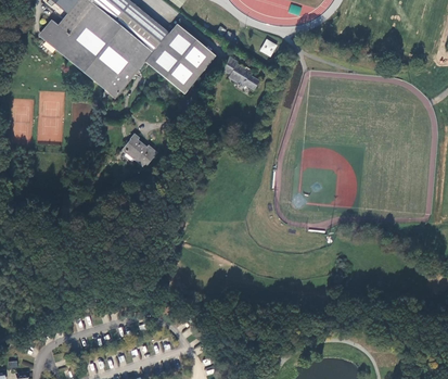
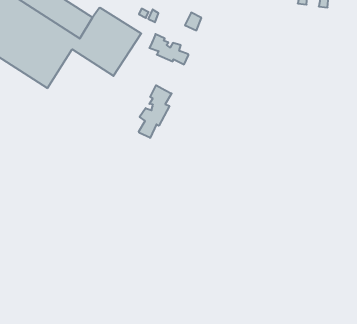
building: none -> [139,85,172,138]
building: [125,134,157,164] -> none

